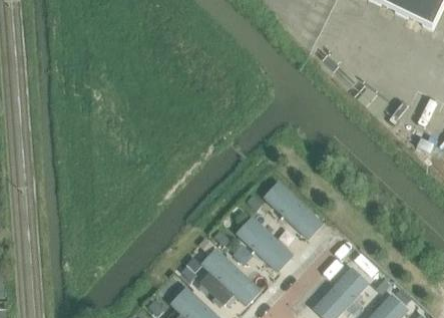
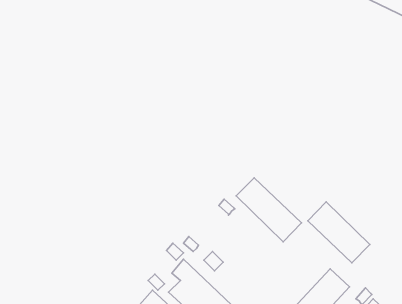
building: [235,214,293,271] -> [308,202,370,263]

